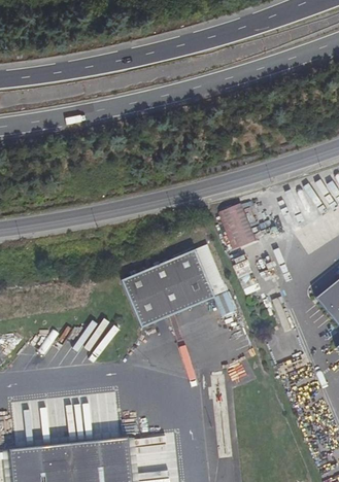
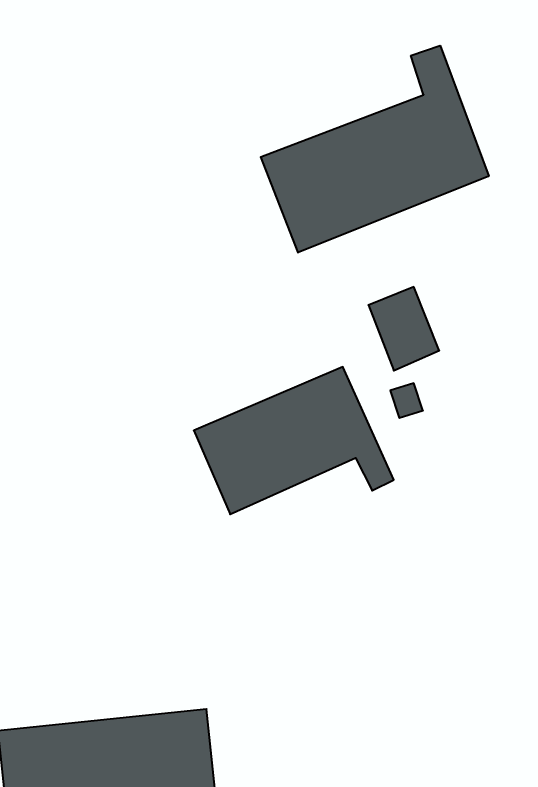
building: none -> [261,46,489,253]

